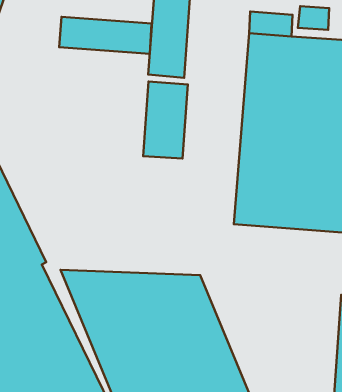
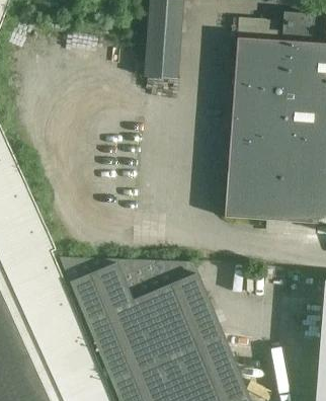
building: [59,17,151,54] -> none
building: [143,81,188,159] -> none

